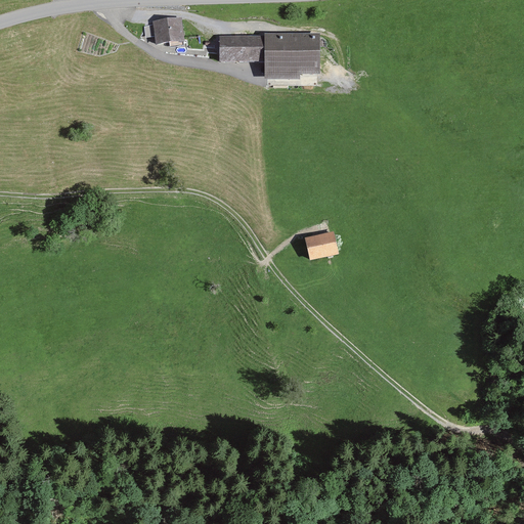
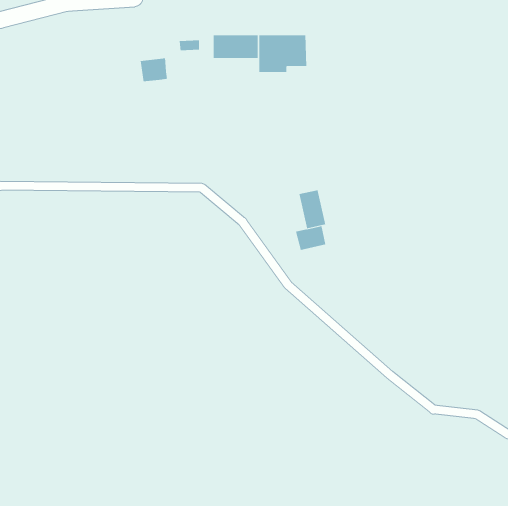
building: [152,17,181,42] -> [140,58,168,82]
building: none -> [299,189,326,229]

